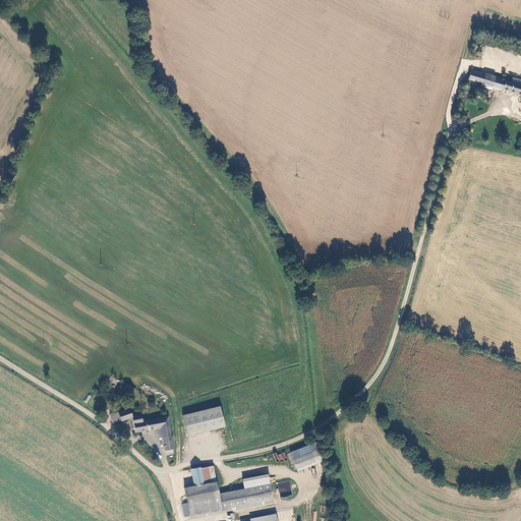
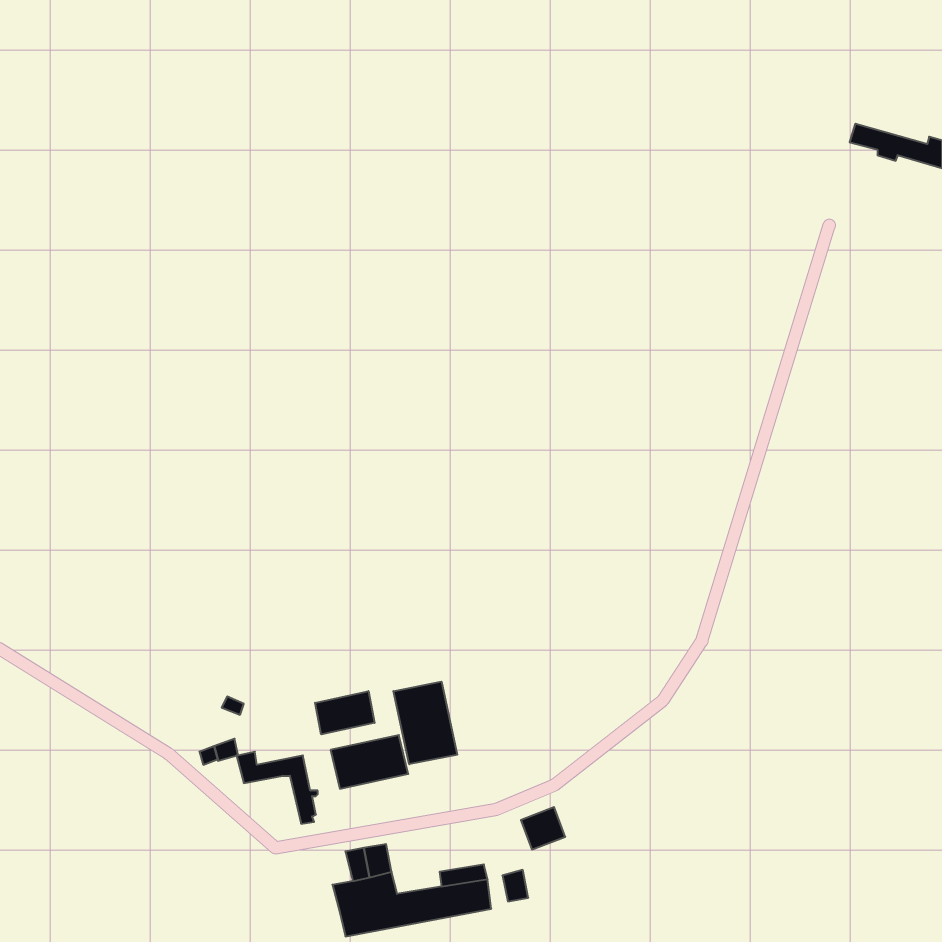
building: none -> [393,682,457,764]
building: none -> [315,691,375,734]

